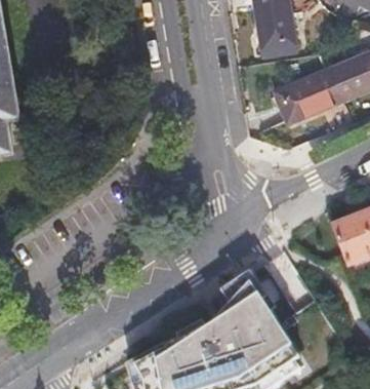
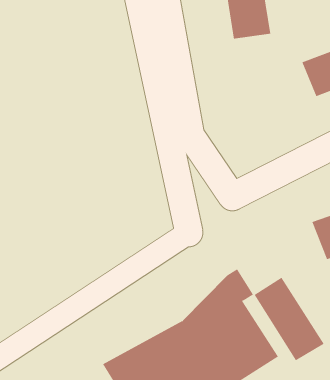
building: [264,77,335,132] -> none
building: none -> [254,277,324,361]

